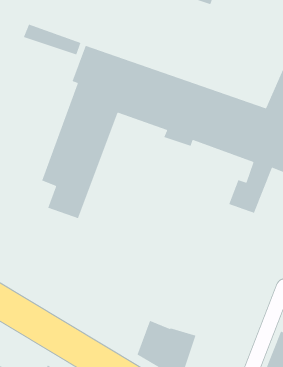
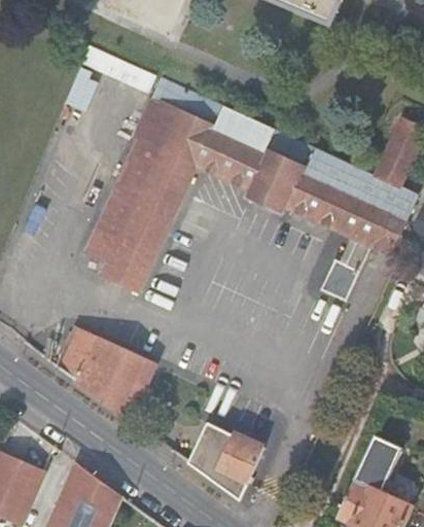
building: none -> [59,325,157,420]

